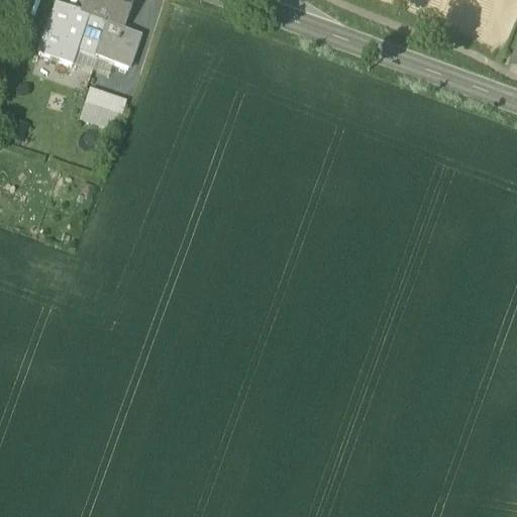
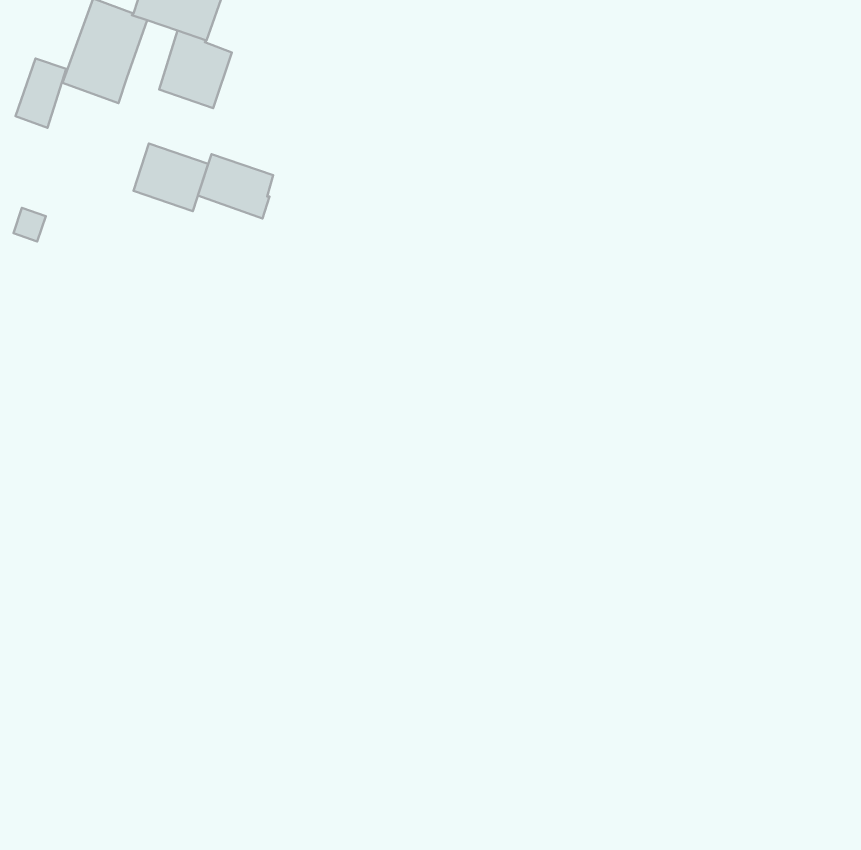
building: [78,12,108,54] -> [15,59,66,128]
building: none -> [198,154,273,219]

